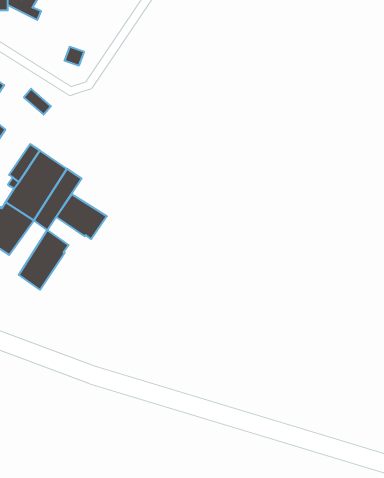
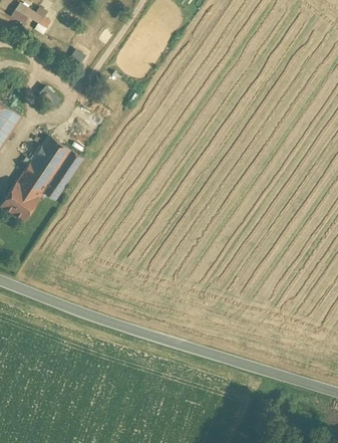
building: [56,194,107,239] -> none
building: [19,230,69,290] -> none

